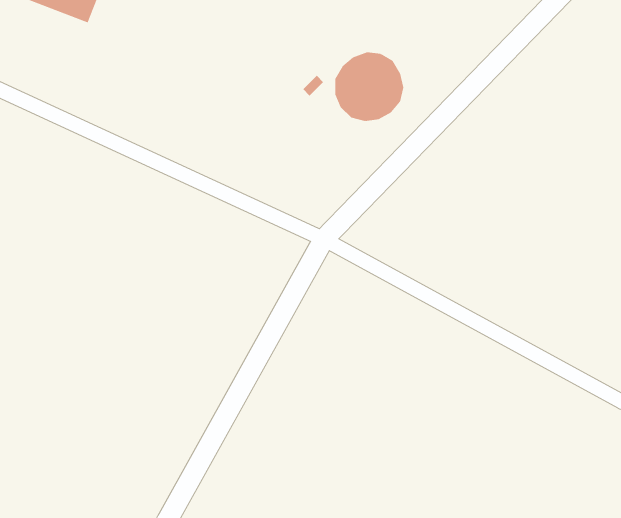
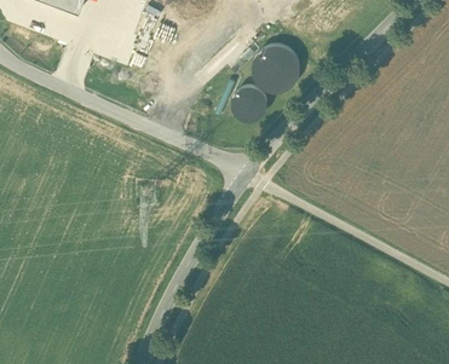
building: none -> [230,82,265,116]

